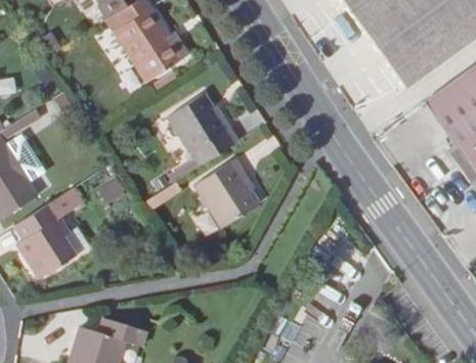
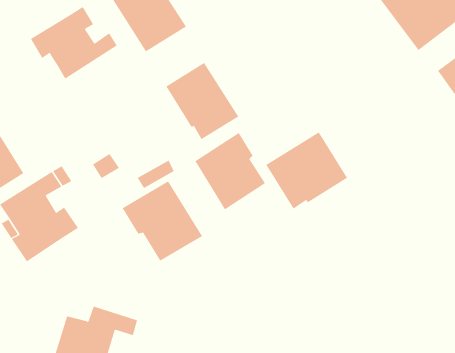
building: none -> [30,6,117,80]
building: none -> [265,132,348,209]
building: none -> [122,181,203,262]

